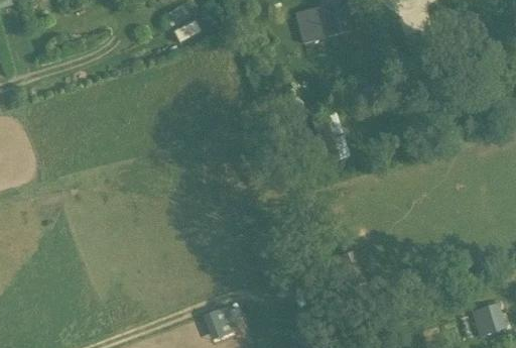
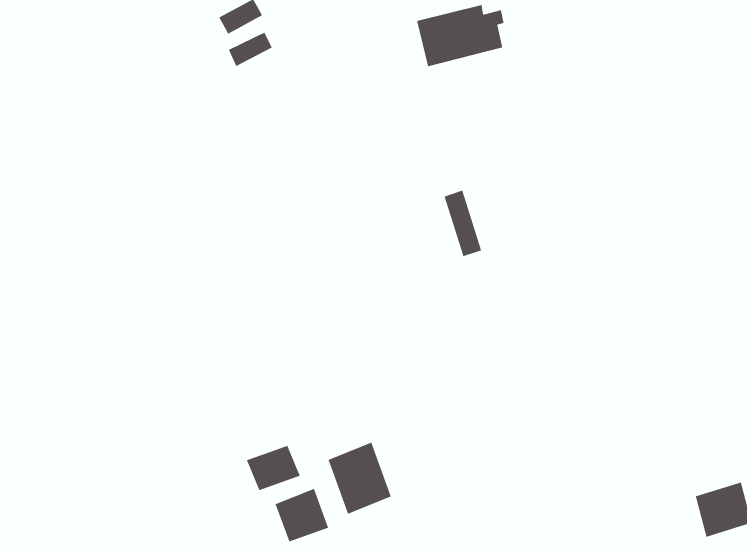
building: none -> [327,441,392,515]
building: none -> [246,445,301,491]

